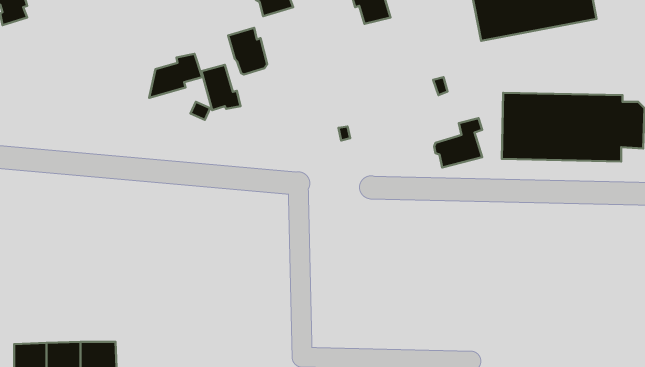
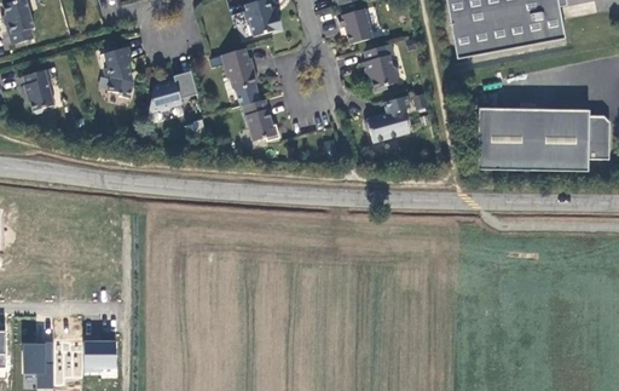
building: none -> [363,44,399,91]
building: none -> [99,45,132,97]
building: none -> [22,68,53,111]
building: [202,65,241,110] -> [243,98,279,140]
building: [434,118,482,167] -> [365,94,410,140]

